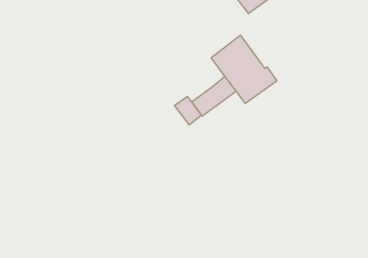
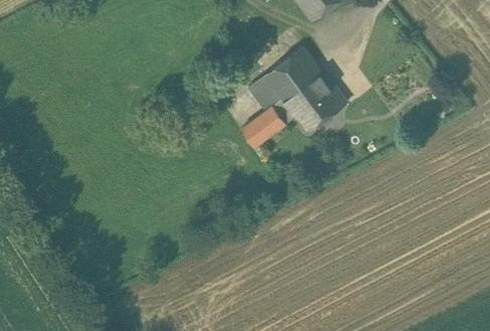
building: [175,96,201,125] -> [249,75,282,111]

